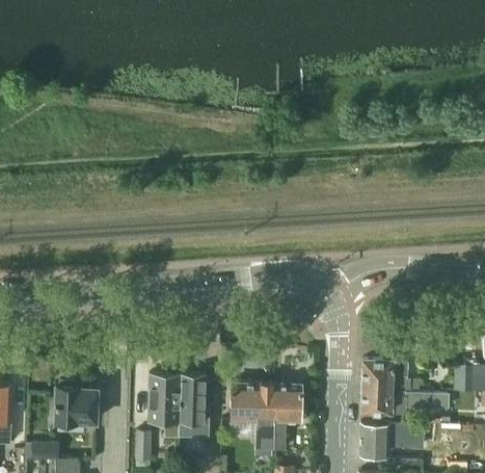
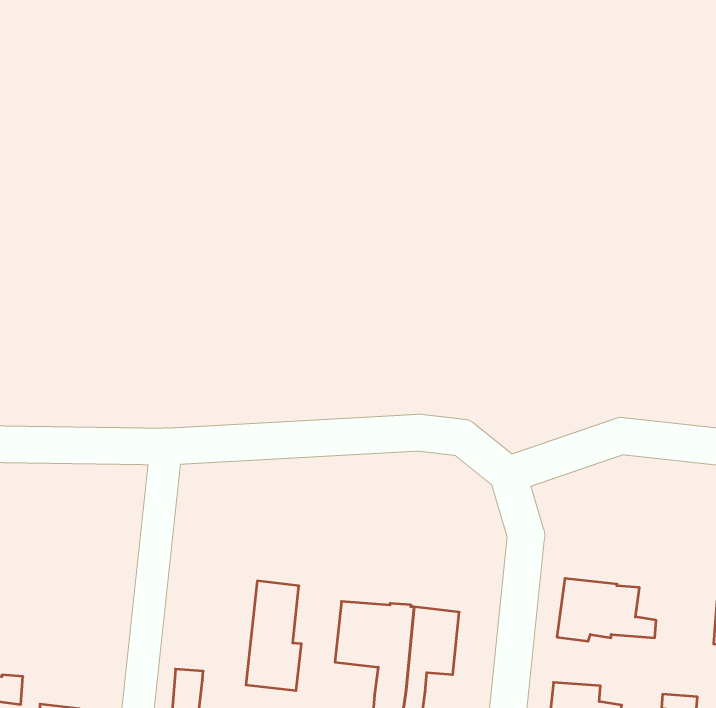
building: [149,375,181,439] -> none
building: [55,387,98,423] -> none
building: [361,392,447,417] -> none

